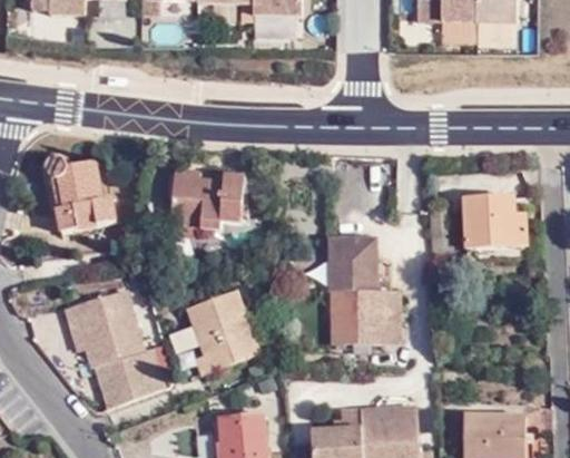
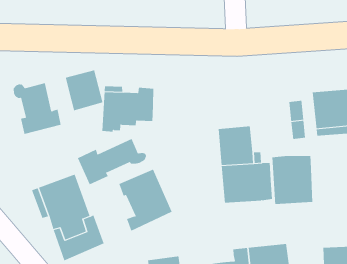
building: none -> [65,70,103,111]
building: none -> [77,138,147,185]
building: none -> [272,155,313,205]

